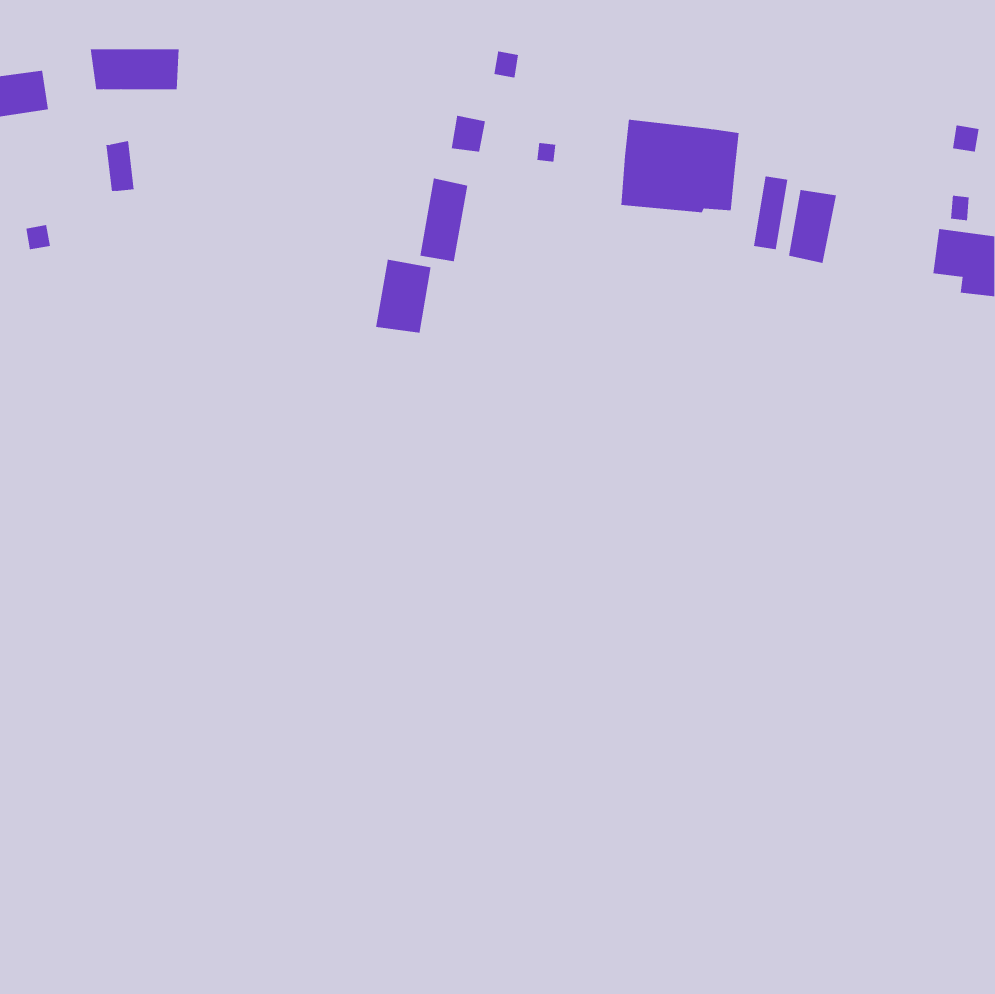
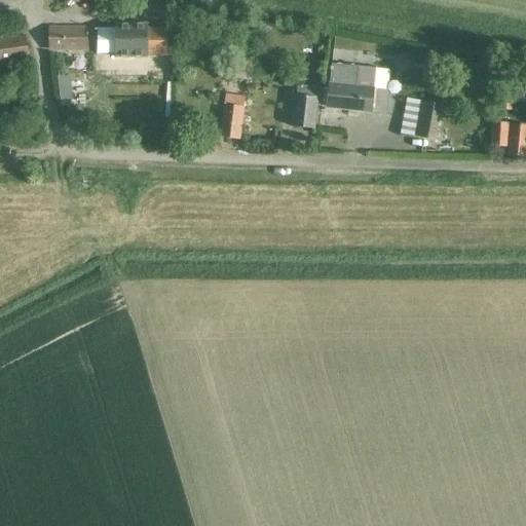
building: none -> [96,23,165,57]
building: none -> [291,85,323,130]
building: [376,259,431,334] -> none

